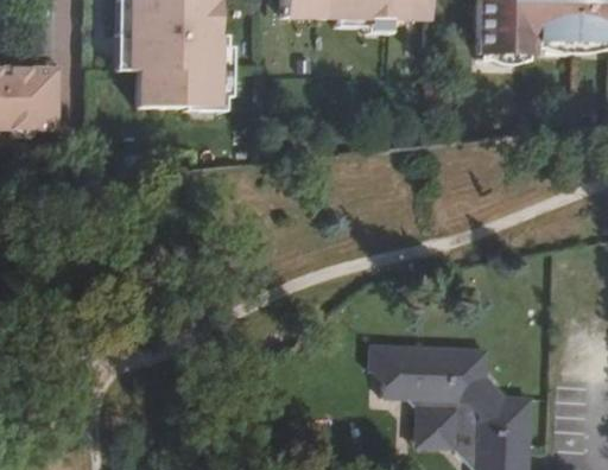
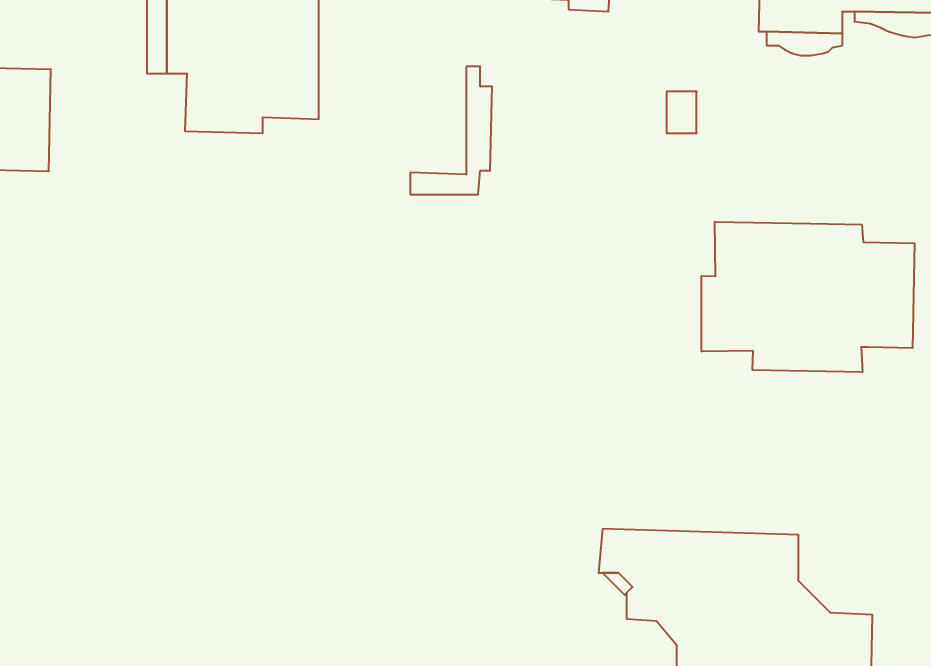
building: [179,34,228,110] -> [410,67,492,194]
building: none -> [701,222,915,372]

